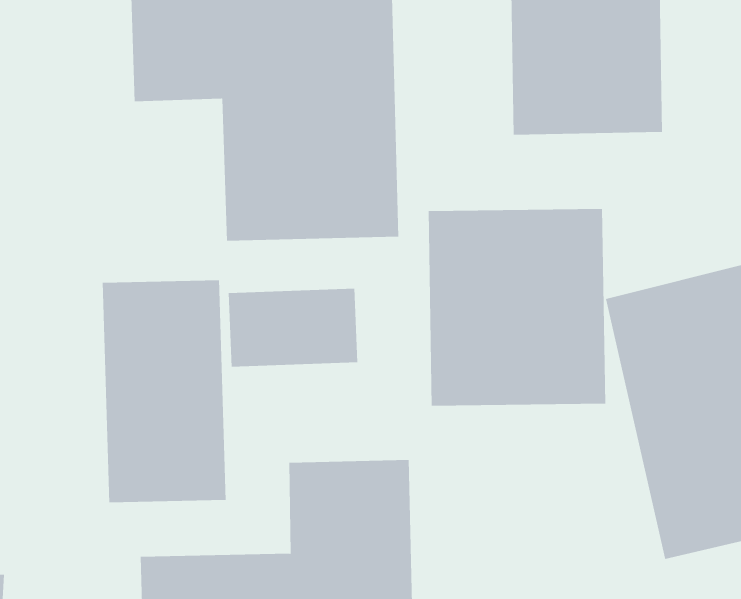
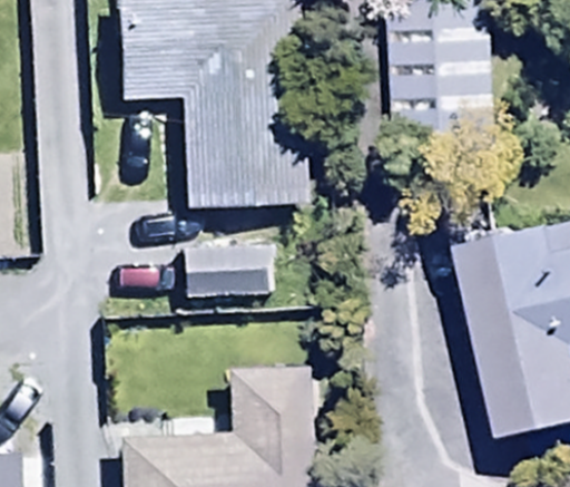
building: [428,208,606,406] -> none
building: [102,279,226,503] -> none

